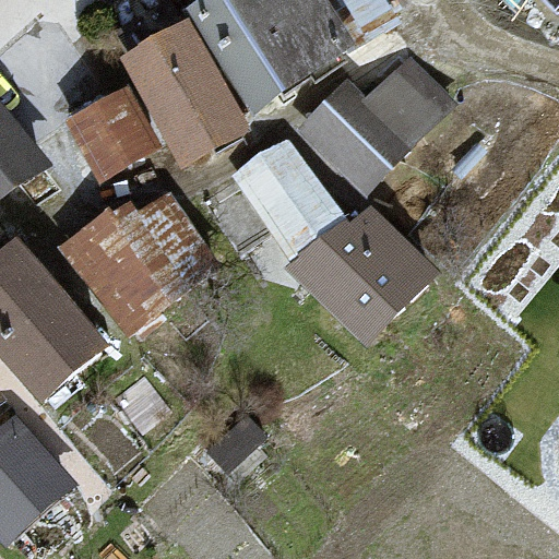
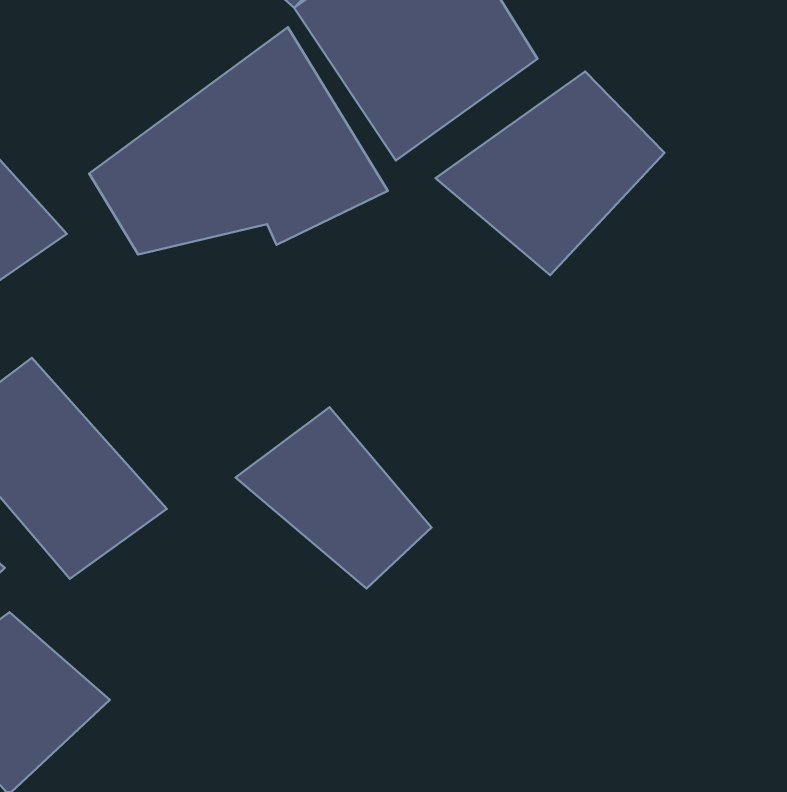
building: [226,134,443,343] -> none
building: [57,189,204,324] -> none
building: none -> [236,407,431,588]

